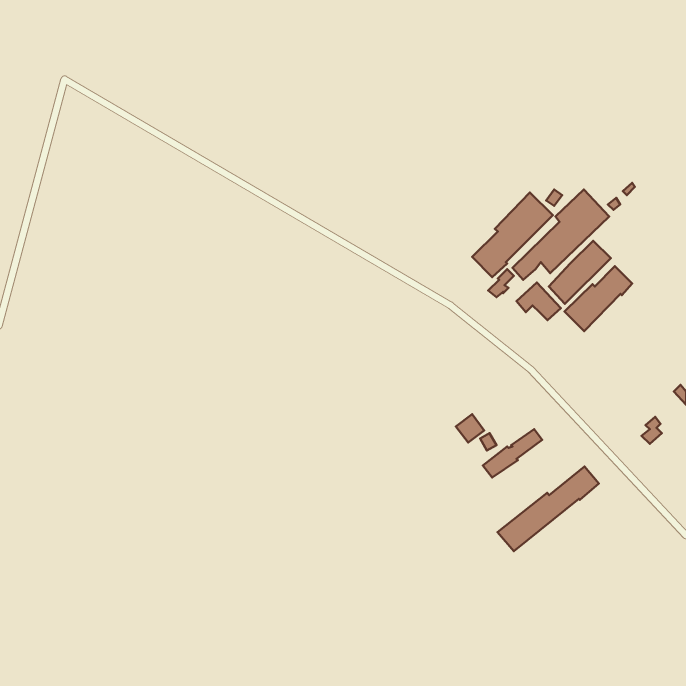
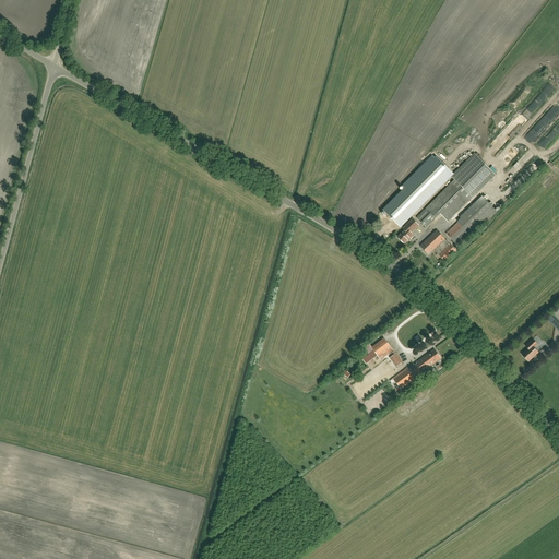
building: [564,266,632,331] -> none
building: [497,467,599,551] -> none

